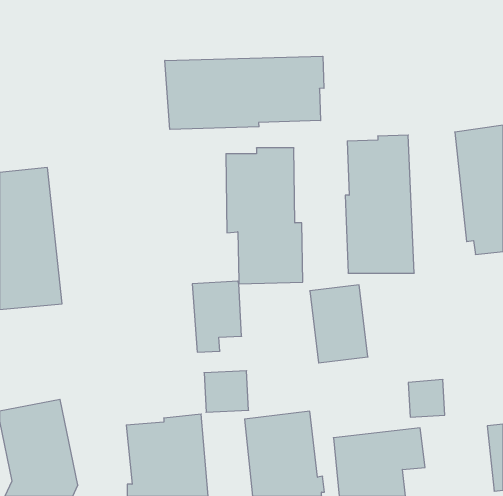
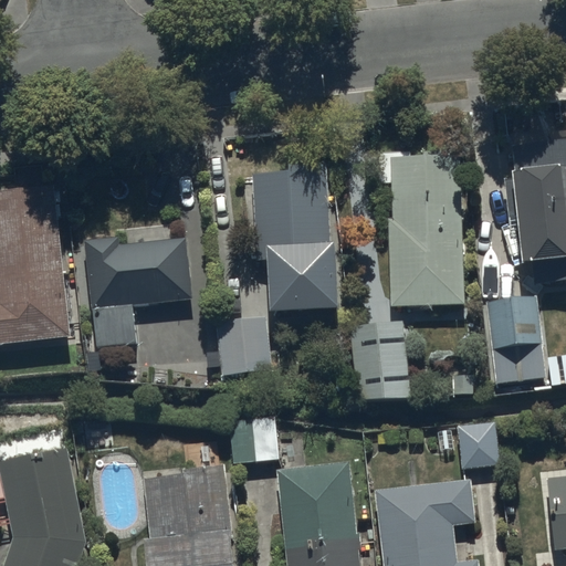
building: [165,56,324,129] -> none
building: none -> [83,235,195,347]
building: none -> [485,296,547,387]

